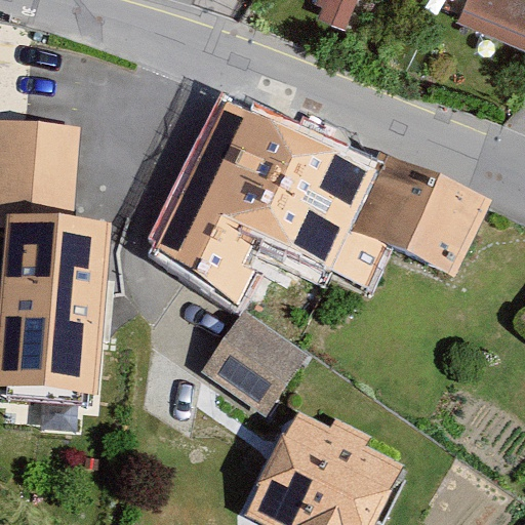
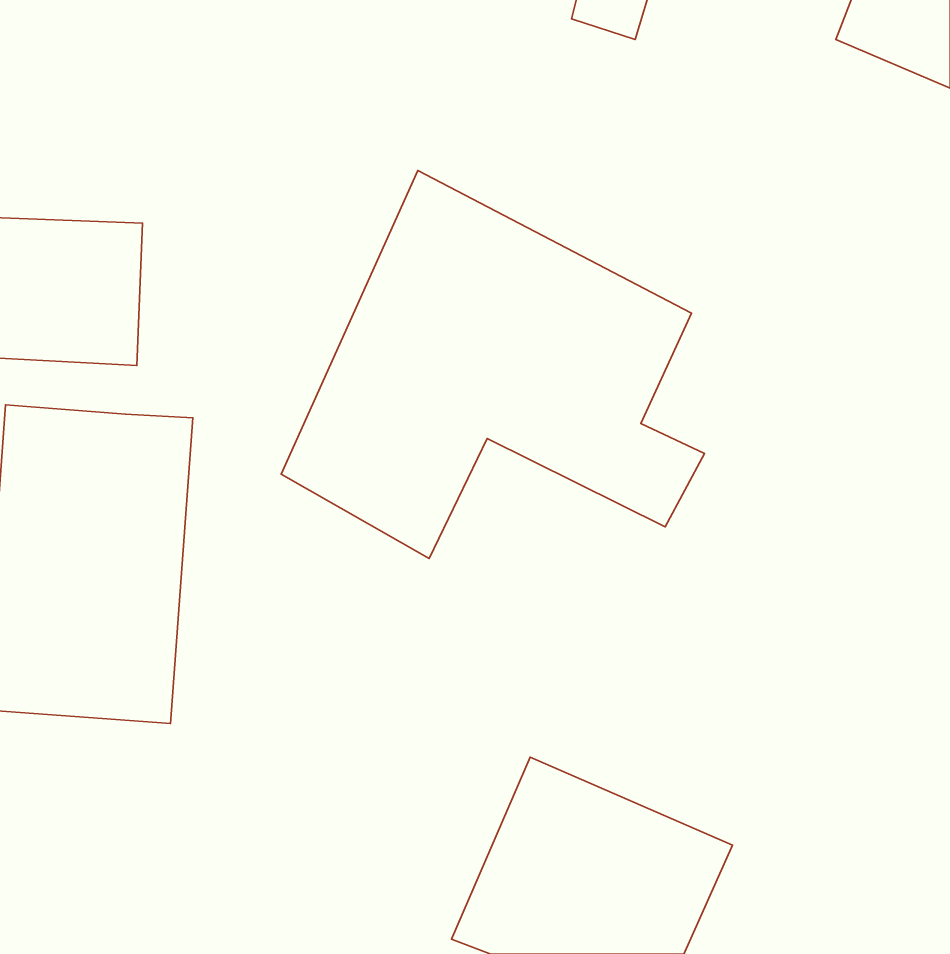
building: [351,156,486,278] -> none
building: [201,315,301,412] -> none

